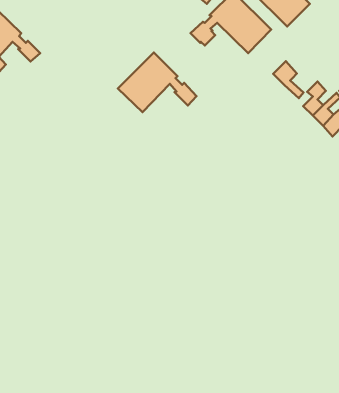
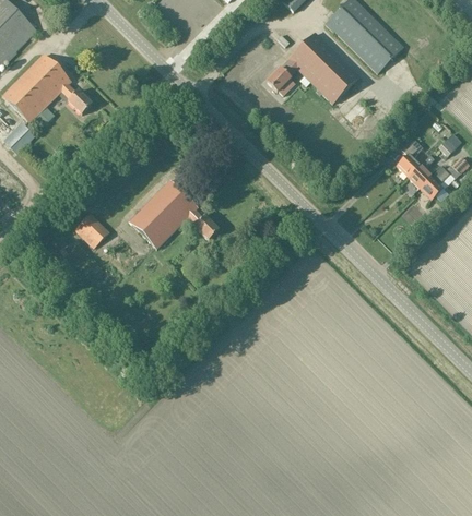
building: [118,53,196,112] -> [128,180,219,249]
building: [273,61,303,98] -> none
building: none -> [73,213,109,249]

